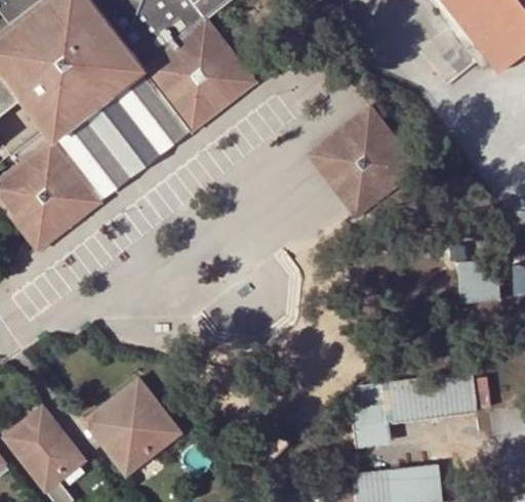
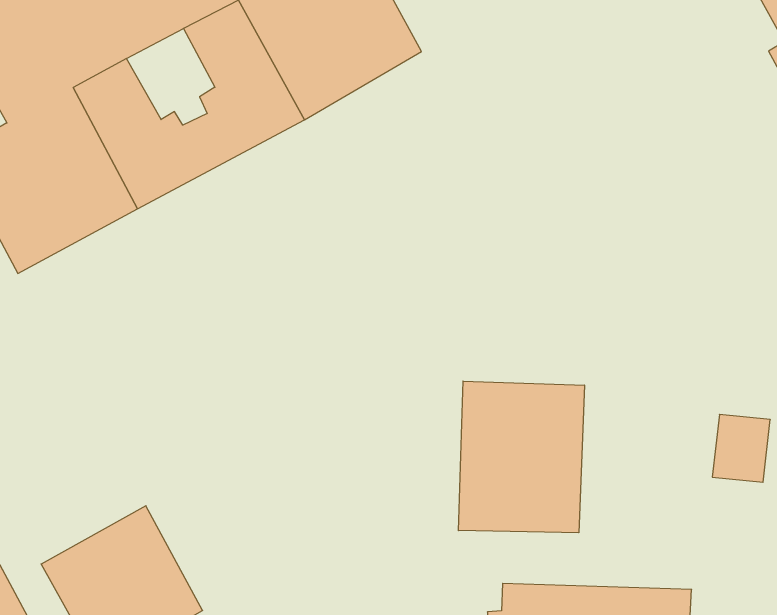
building: [81,88,136,145] -> none
building: [306,102,422,219] -> none
building: none -> [458,381,584,533]

